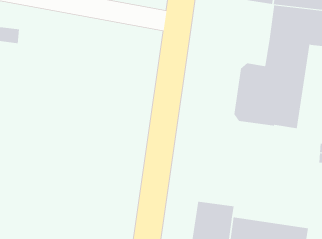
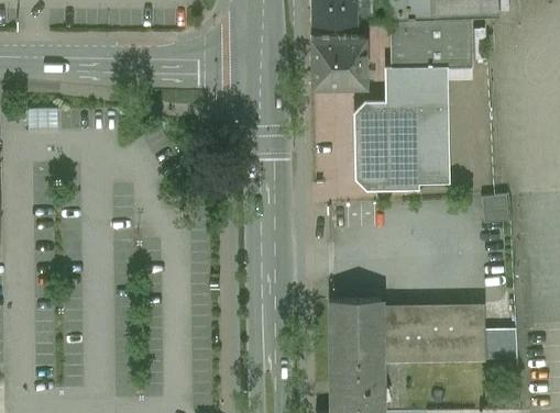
building: none -> [311,35,366,85]

